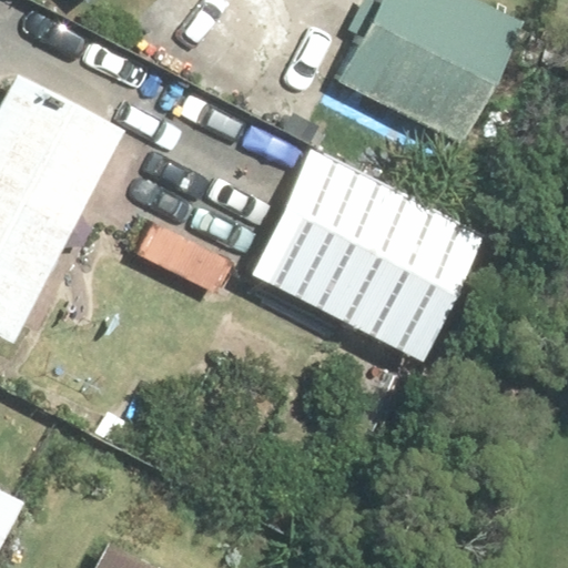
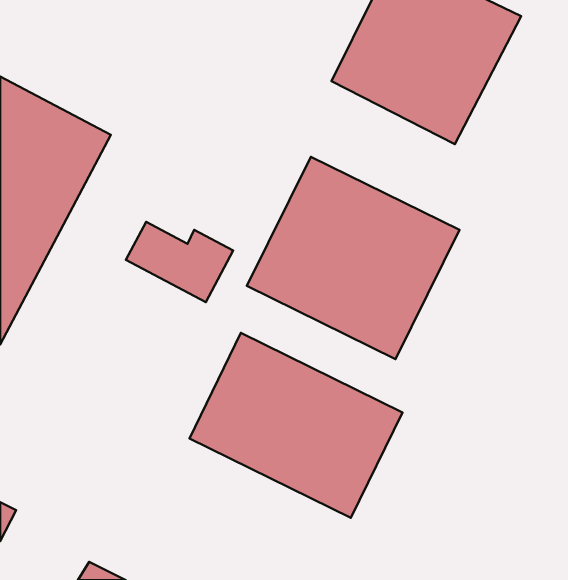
building: none -> [189,333,402,518]

